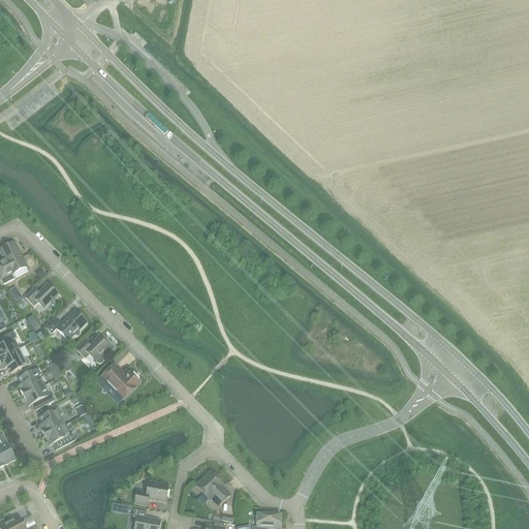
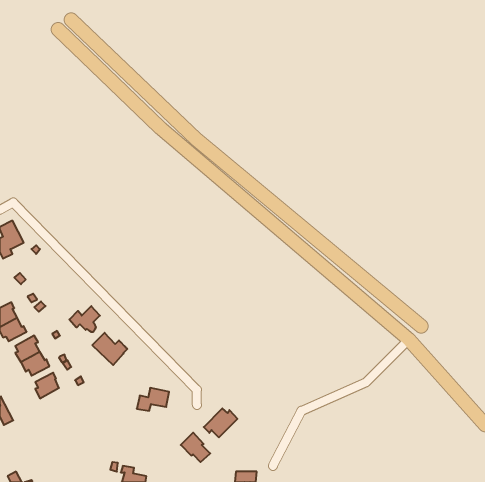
building: [24,280,57,306] -> none
building: [45,308,86,339] -> none
building: [43,422,75,447] -> none
building: none -> [204,408,237,437]
building: [132,478,167,503] -> [137,388,169,411]

